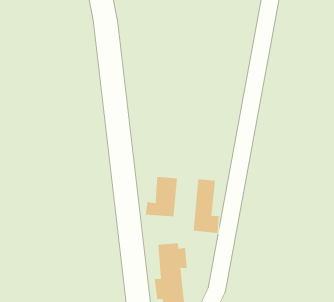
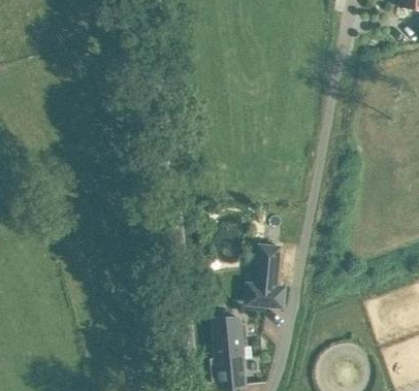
building: [145,176,177,217] -> none

